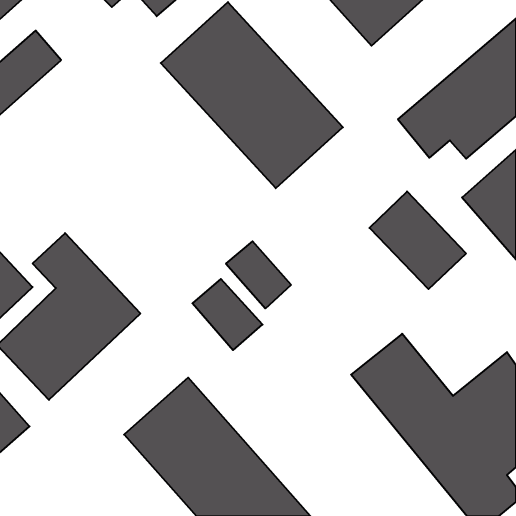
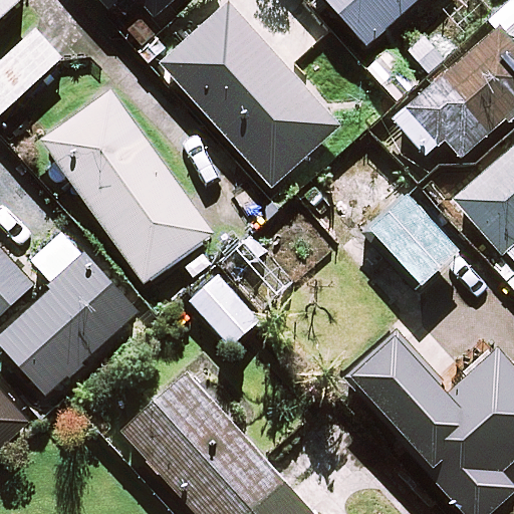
building: none -> [43,92,211,281]

